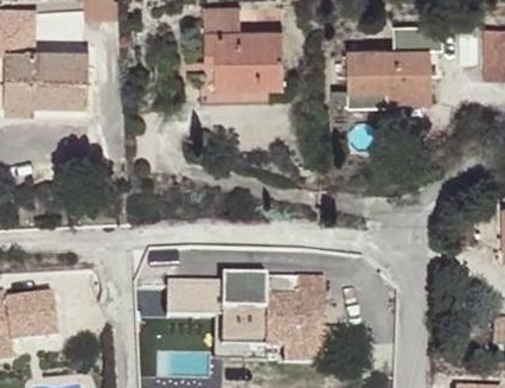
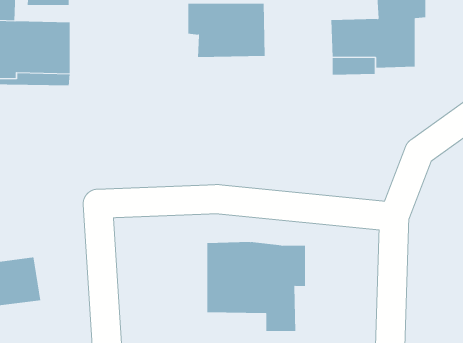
building: [167,285,223,316] -> none

